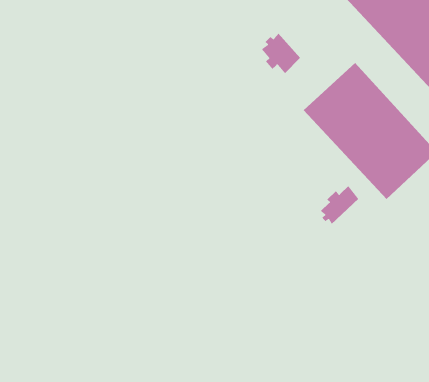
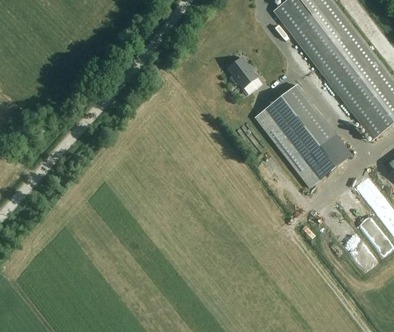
building: [320,185,359,225] -> none

